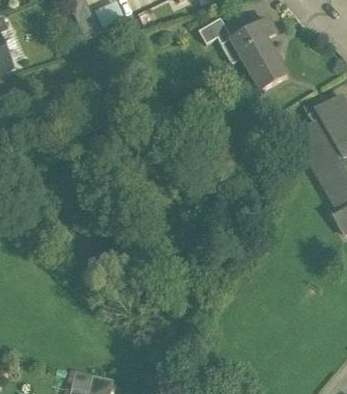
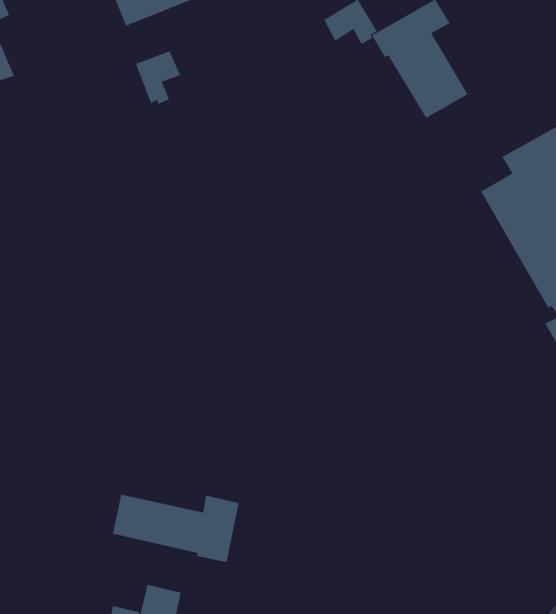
building: none -> [135,51,181,104]
building: none -> [112,494,239,563]

